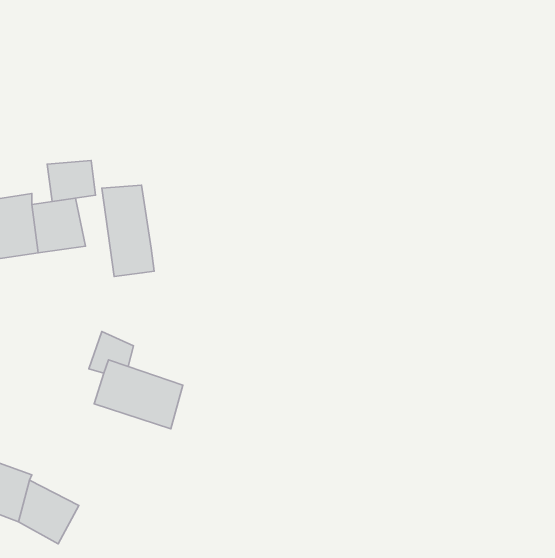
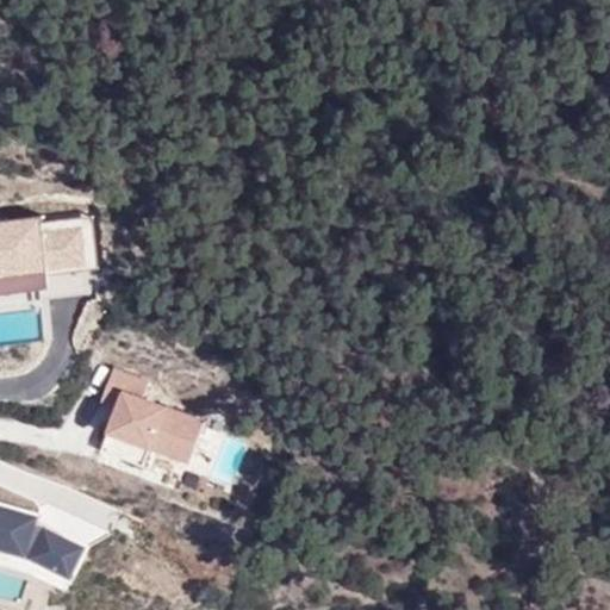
building: [47,161,96,201] -> none
building: [102,185,154,276] -> none

